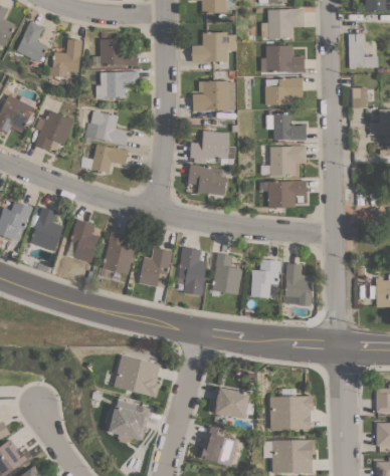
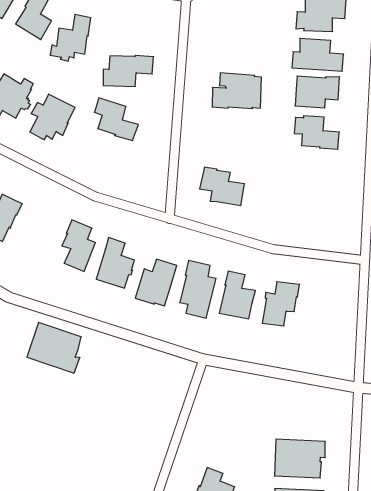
building: [191,31,236,62] -> none
building: [94,32,138,65] -> none
building: [190,130,235,165] -> none
building: [90,144,129,173] -> none
building: [260,145,306,176] -> none
building: [268,180,307,207] -> none
building: [30,206,63,251] -> none
building: [284,262,313,305] -> none
building: [114,354,160,397] -> [27,322,81,373]
building: [211,387,249,418] -> none
building: [104,400,150,443] -> none

